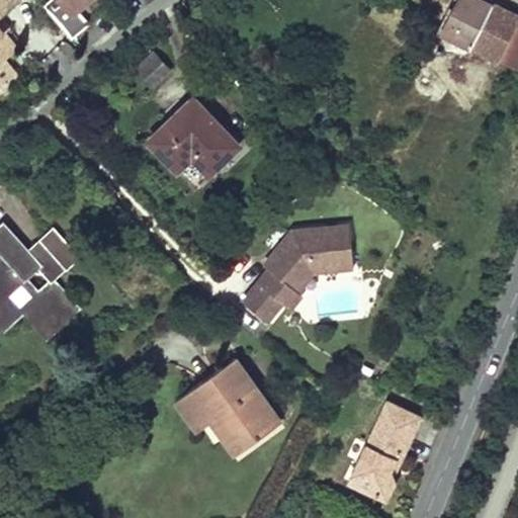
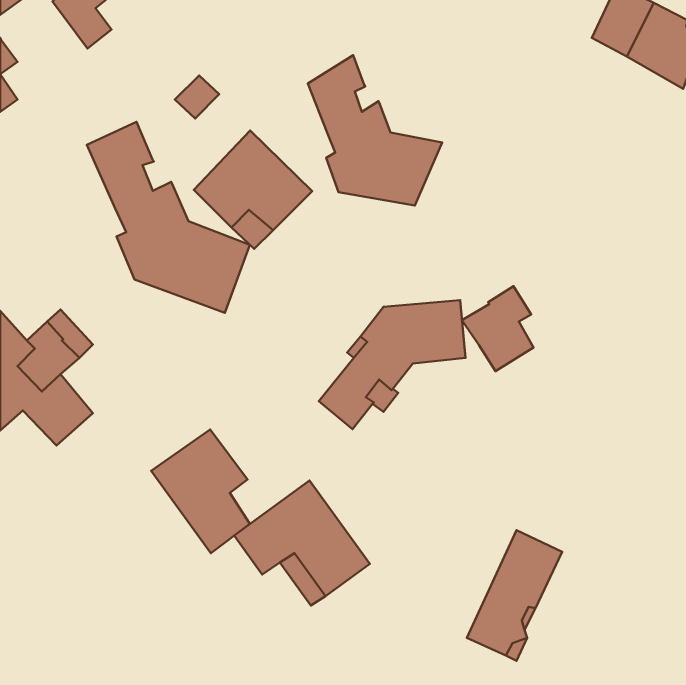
building: none -> [308,55,442,206]
building: none -> [87,122,250,313]
building: none -> [462,286,534,371]
building: none -> [151,429,250,553]

